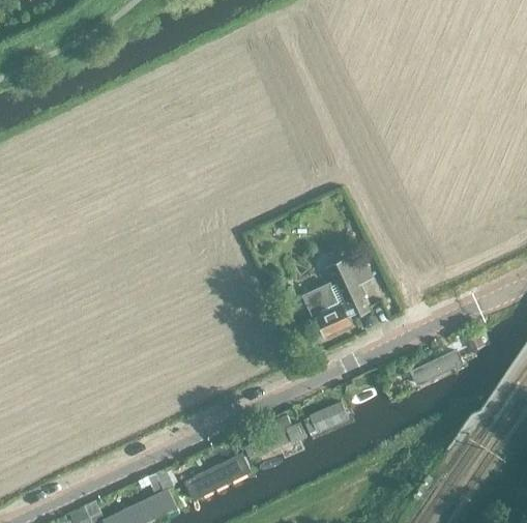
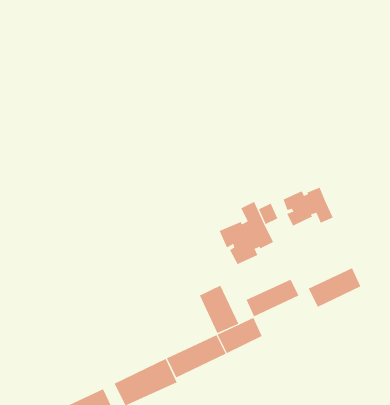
building: none -> [283,187,334,226]
building: none -> [246,279,299,317]
building: none -> [199,285,239,334]

